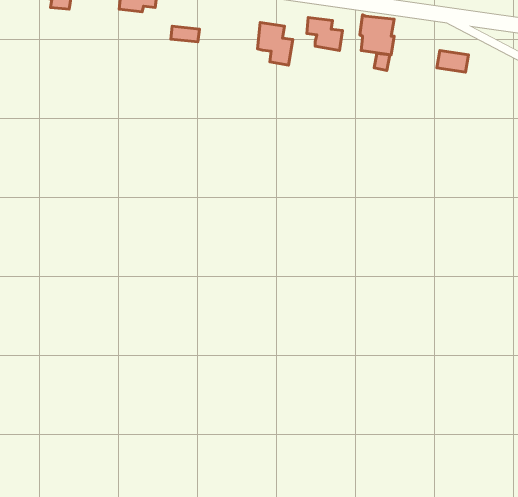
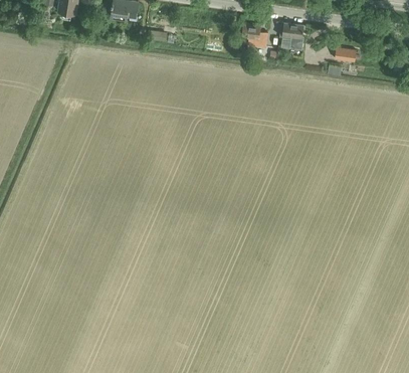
building: [258,23,293,65] -> none

